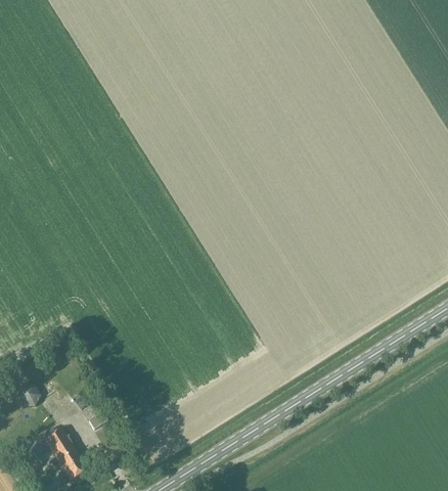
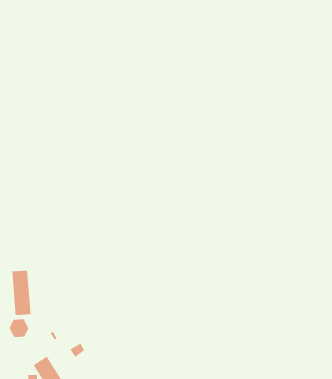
building: none -> [12,270,31,316]

